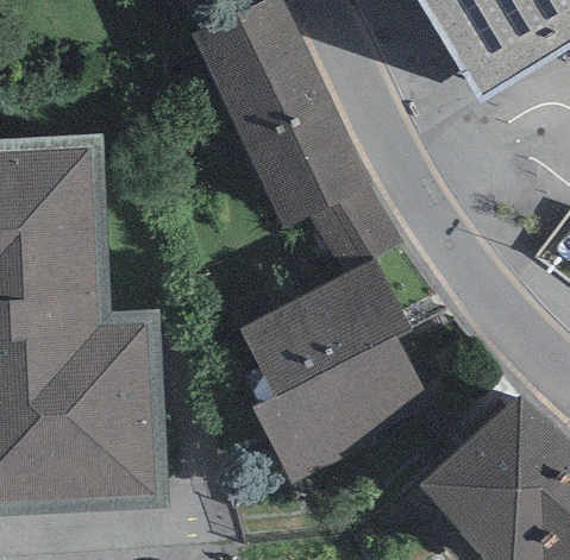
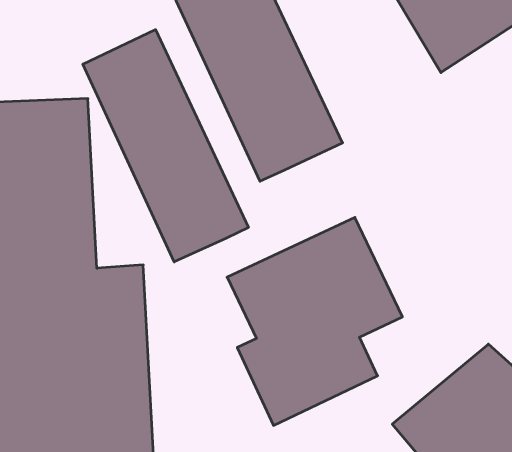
building: none -> [83,30,248,262]
building: [307,181,399,266] -> none

